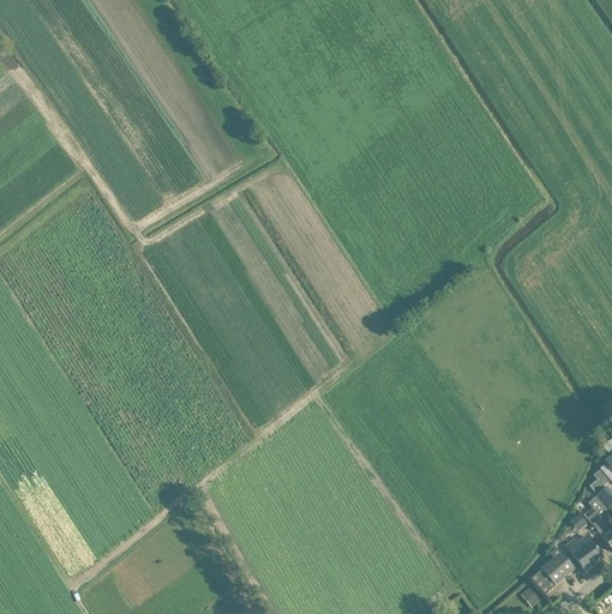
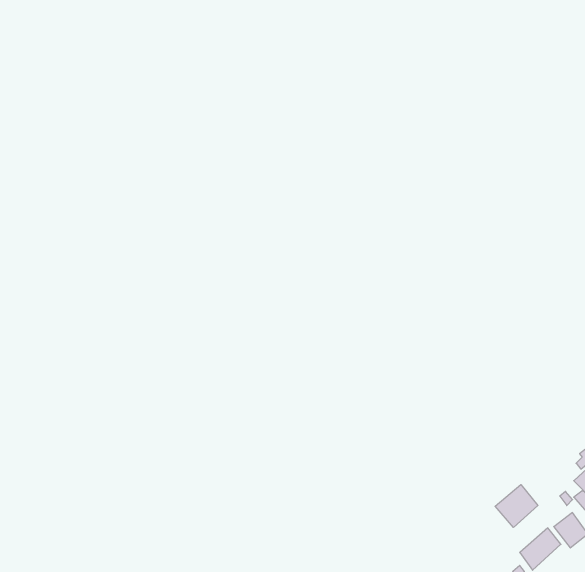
building: none -> [495,485,538,527]

